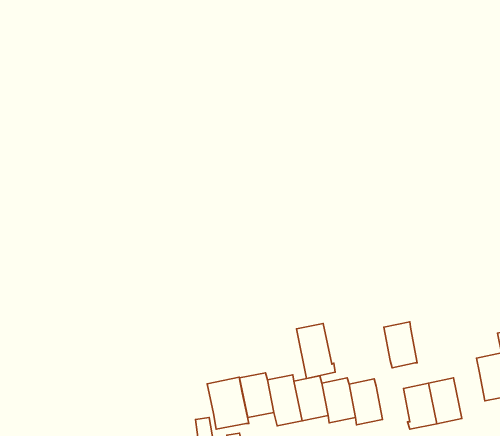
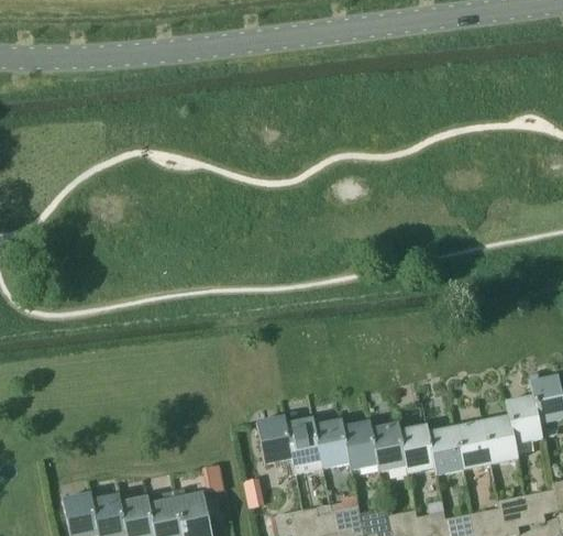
building: [384,322,417,368] -> [400,425,435,473]
building: [296,323,335,379] -> none
building: none -> [482,416,518,464]
building: [207,377,249,429] -> none

